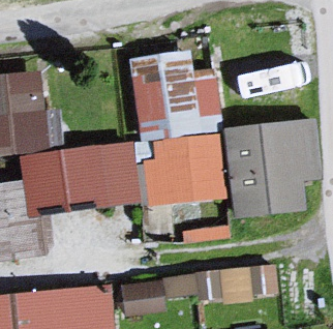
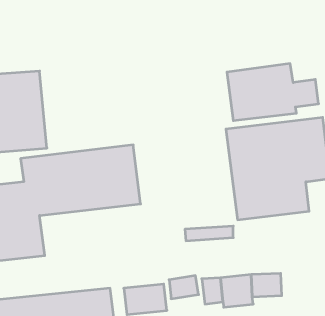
building: [130,51,220,134] -> none
building: [142,134,222,204] -> none

